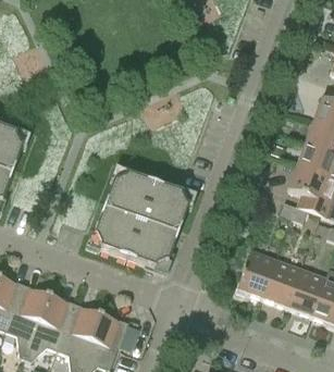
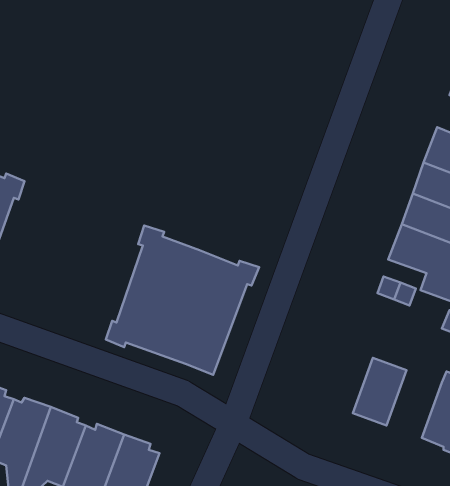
building: [235,249,276,298] -> none
building: [286,268,325,315] -> none

